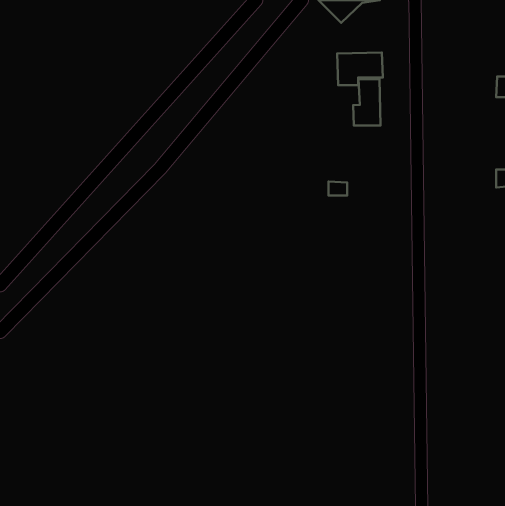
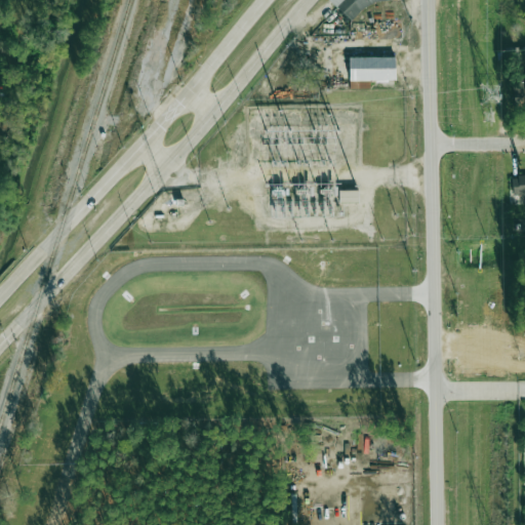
building: [353,79,380,126] -> none

